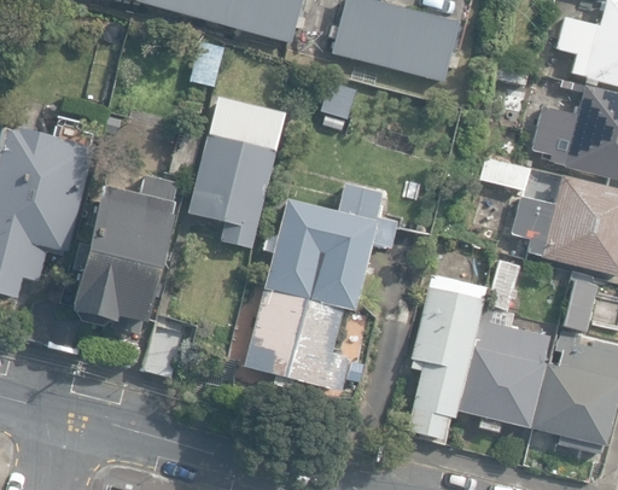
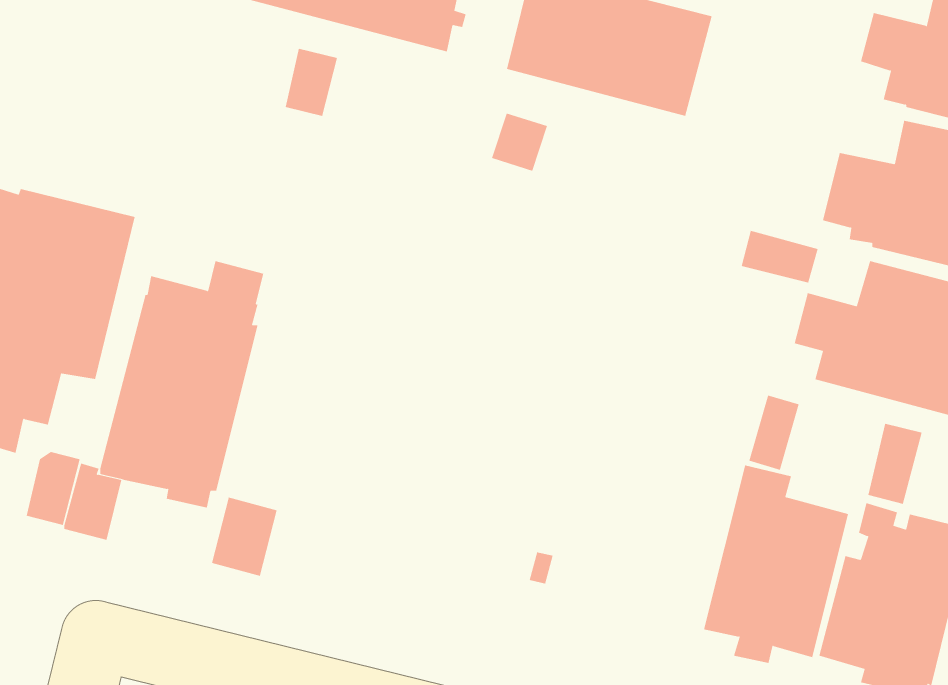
building: [190,99,282,249] -> none
building: [245,185,395,391] -> none
building: [404,275,480,439] -> none

